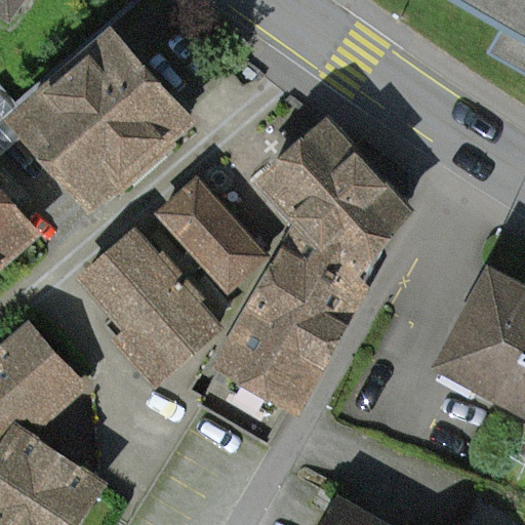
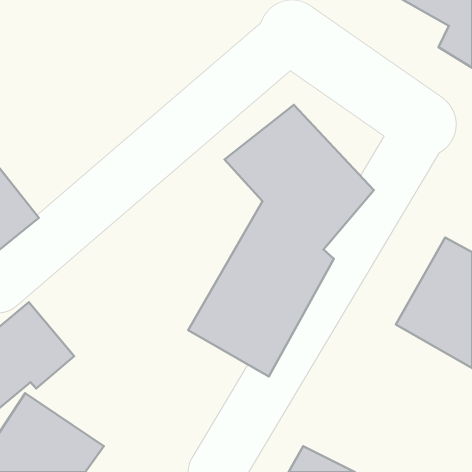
building: [17,41,193,208] -> none
building: [152,173,269,293] -> none
building: [73,225,223,387] -> none

